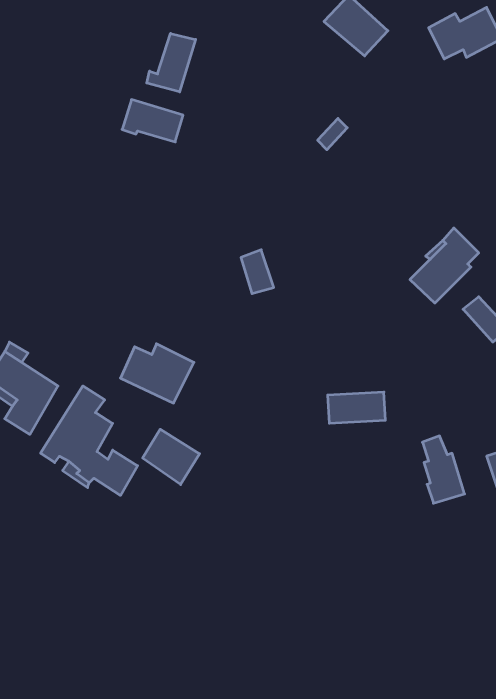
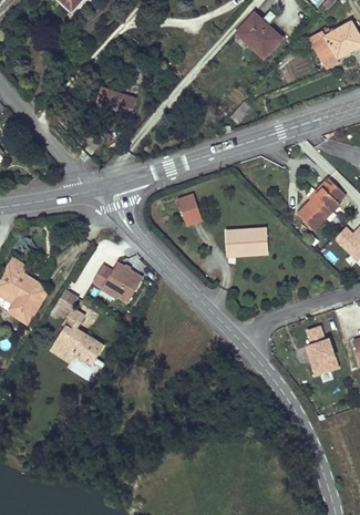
building: [147,33,196,92] -> none
building: [328,392,385,423] -> [224,229,265,251]
building: [143,429,200,485] -> none

